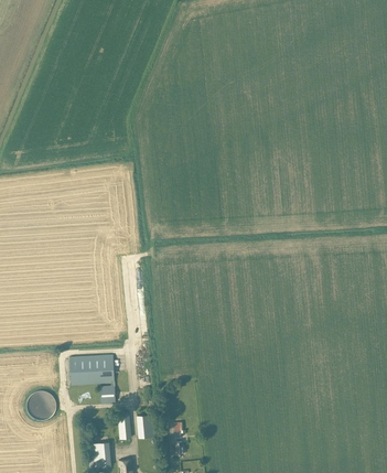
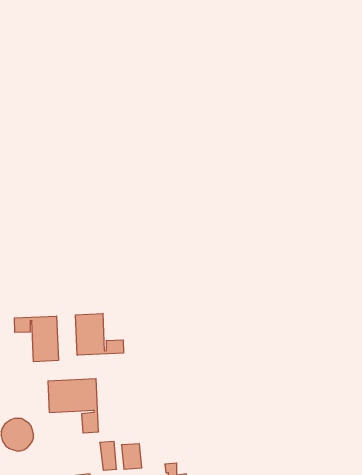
building: none -> [76,313,123,355]
building: none -> [14,316,58,362]

